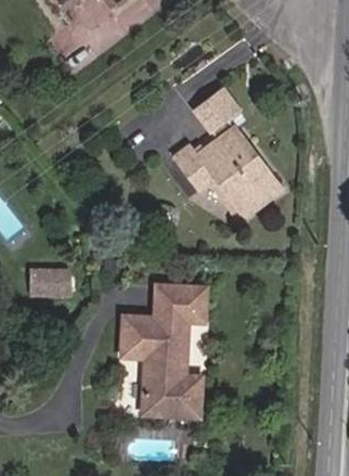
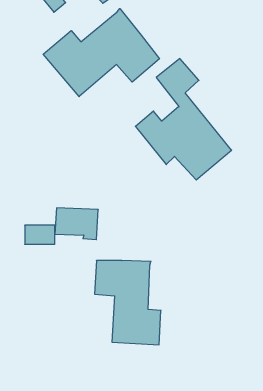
building: none -> [43,9,159,97]
building: [153,285,205,323] -> [55,208,98,240]

